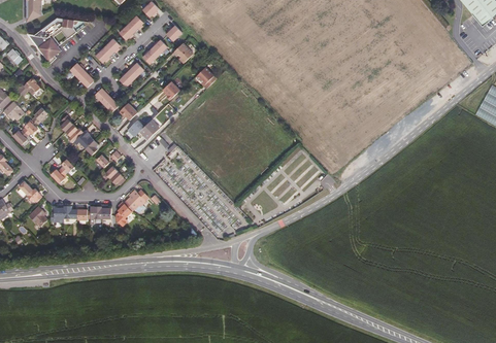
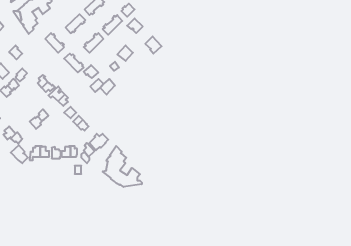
building: none -> [103,146,142,187]

